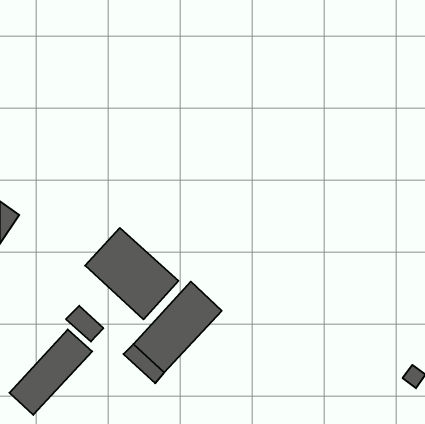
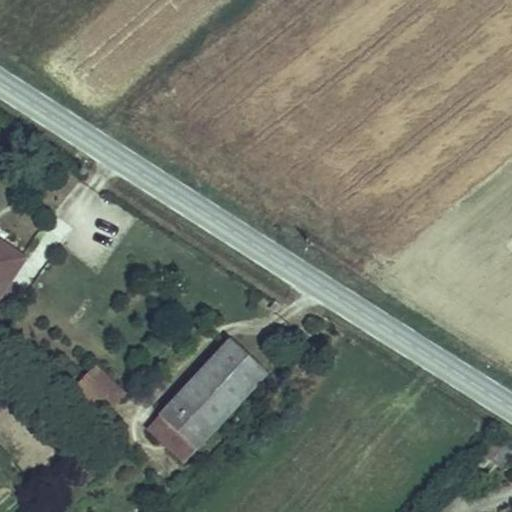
building: [85,228,178,319] -> none
building: [9,329,92,415] -> none

